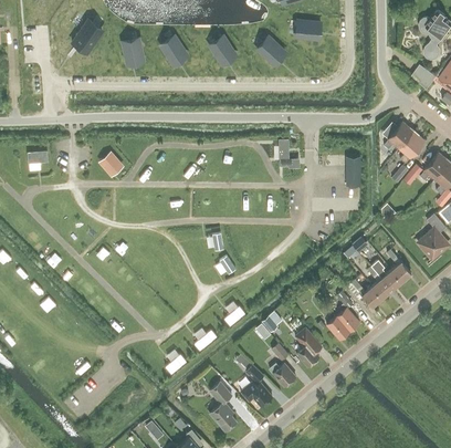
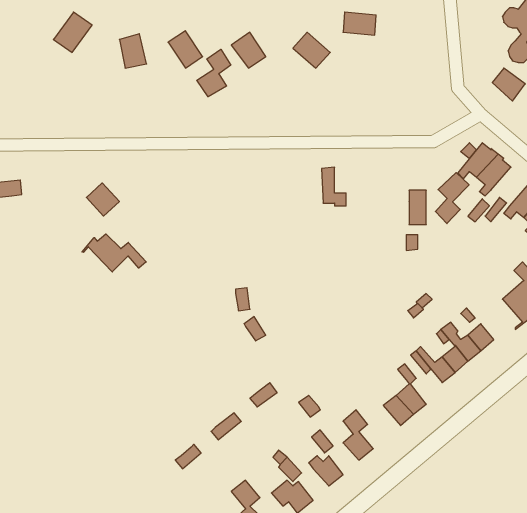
building: none -> [197,49,231,97]
building: none -> [435,173,469,224]
building: none -> [82,234,146,272]

